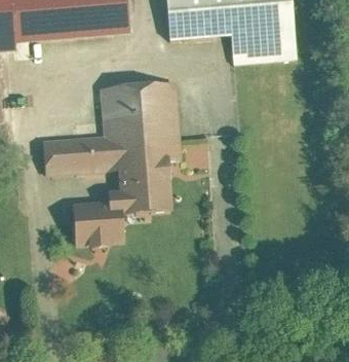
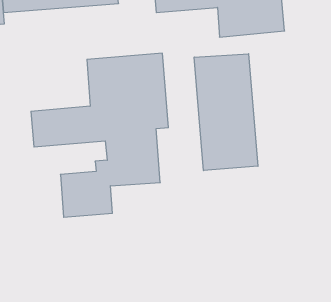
building: none -> [194,54,258,171]

